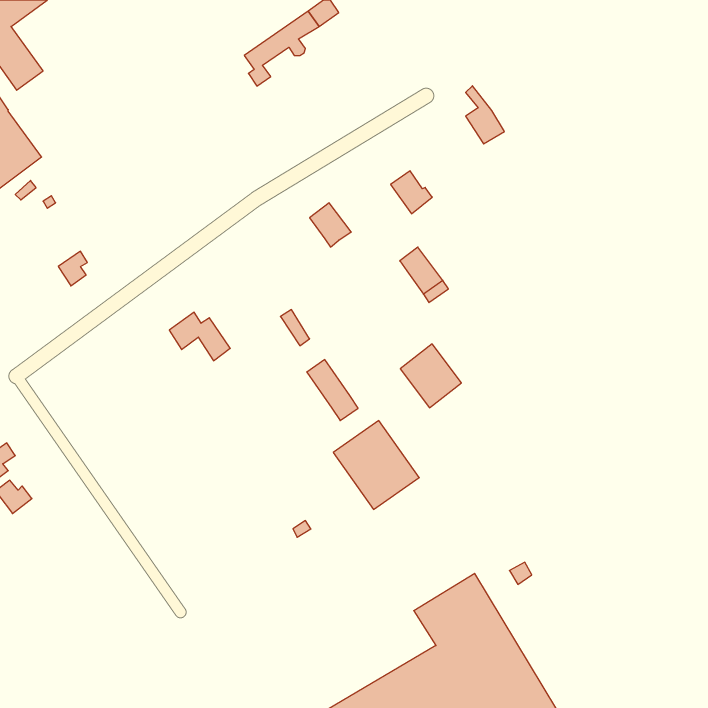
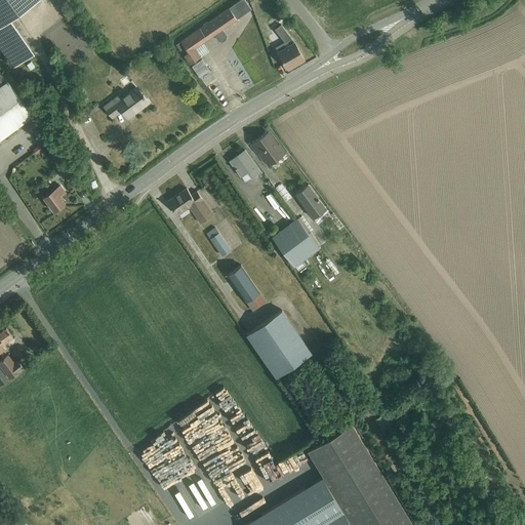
building: [466,86,504,144] -> [274,26,302,69]
building: none -> [103,88,148,119]
building: [391,171,432,214] -> [252,133,283,165]
building: [169,312,230,361] -> [166,189,211,225]
building: [400,344,461,408] -> [272,219,317,267]

